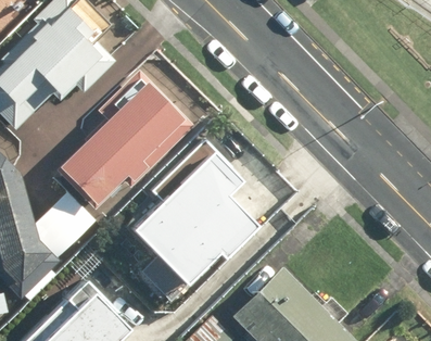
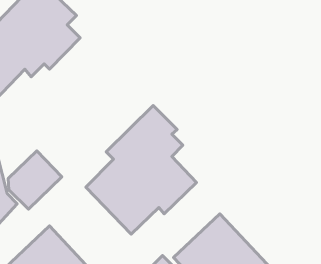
building: [55,83,182,207] -> none

